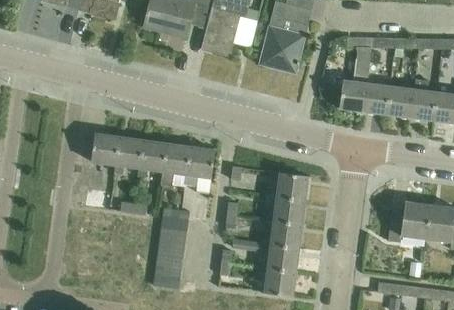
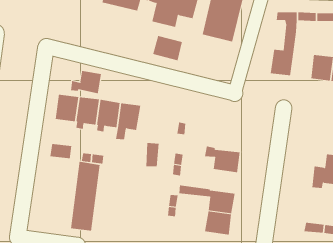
building: none -> [153,35,182,61]
building: [363,84,389,115] -> none
building: none -> [71,70,102,94]
building: [184,146,214,186] -> none
building: [271,171,308,200] -> none
building: [154,208,189,289] -> [70,161,100,231]
building: [270,220,302,248] -> none

